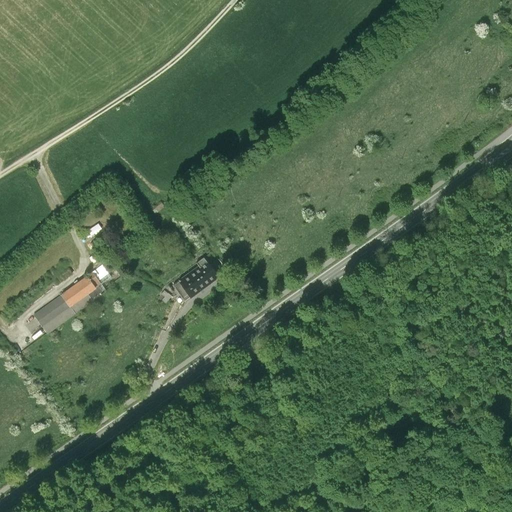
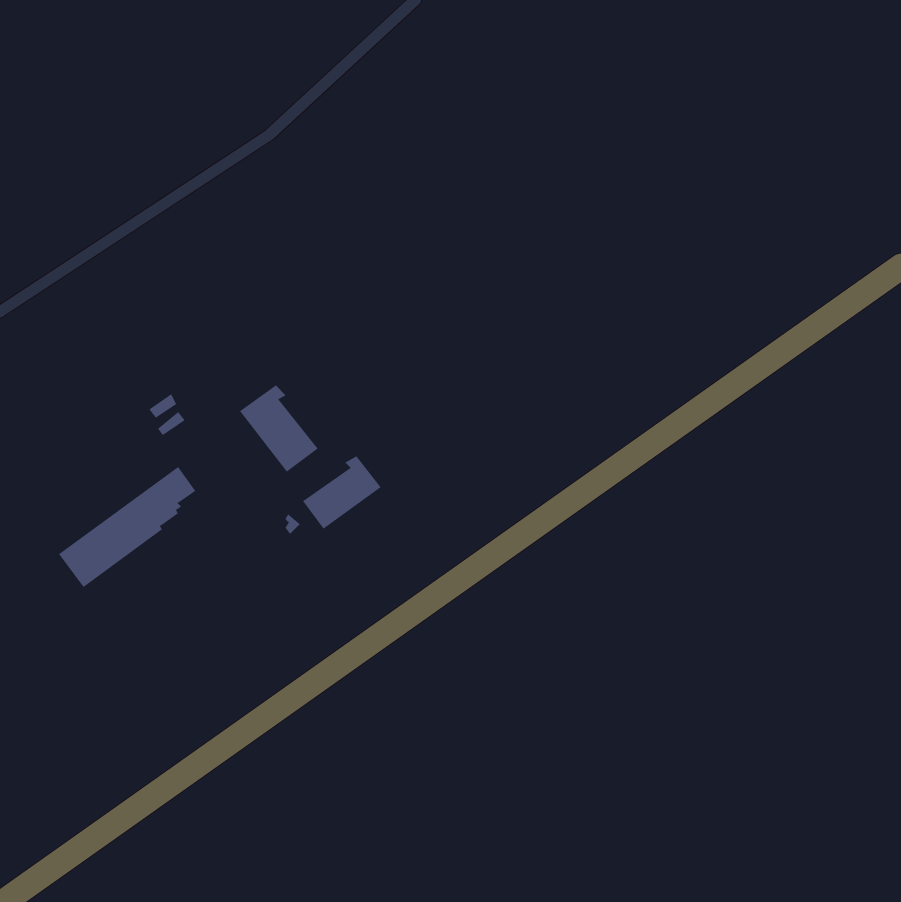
building: none -> [239,384,319,473]

